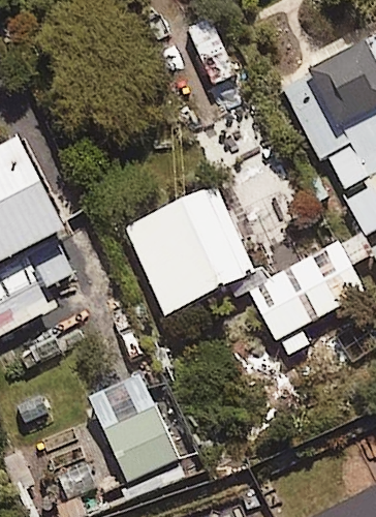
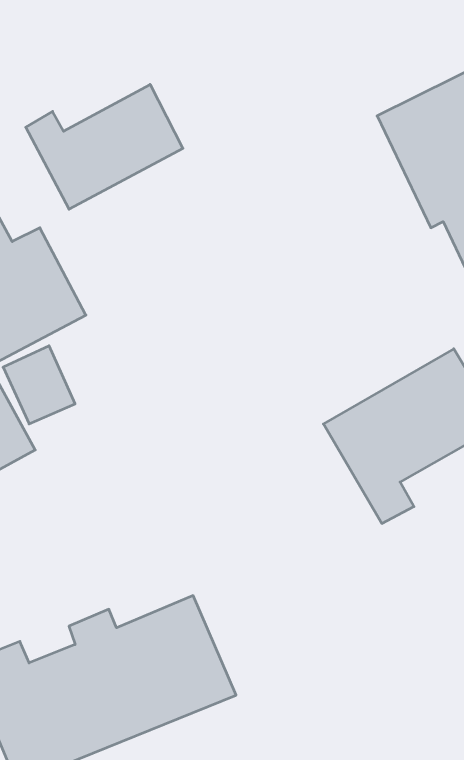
building: none -> [26,84,183,209]
building: [125,184,253,311] -> none

